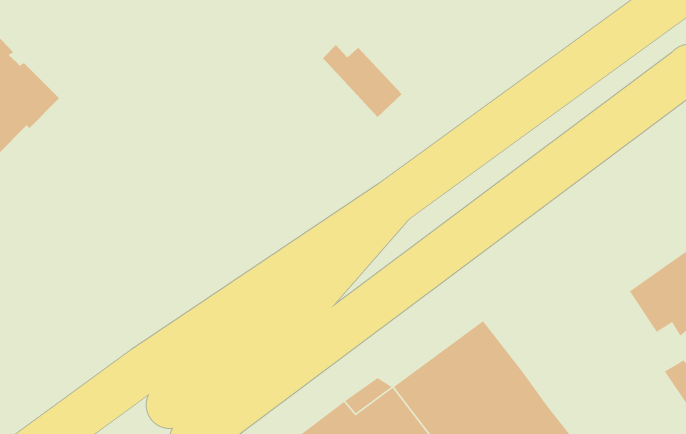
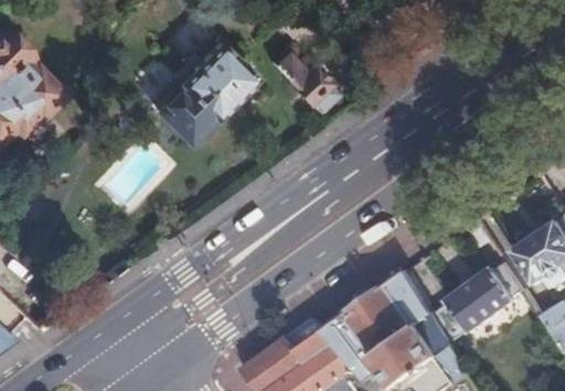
building: none -> [150,43,247,139]
building: none -> [427,260,522,341]

